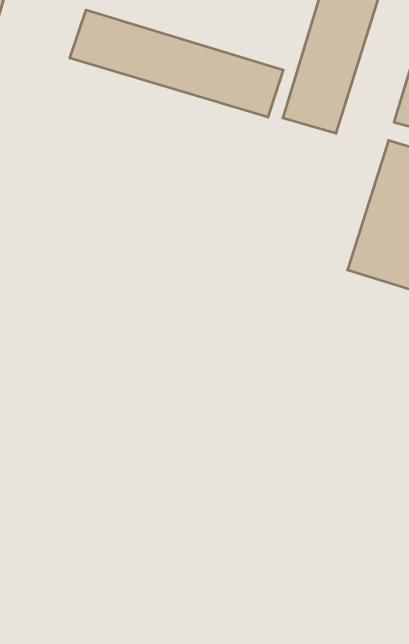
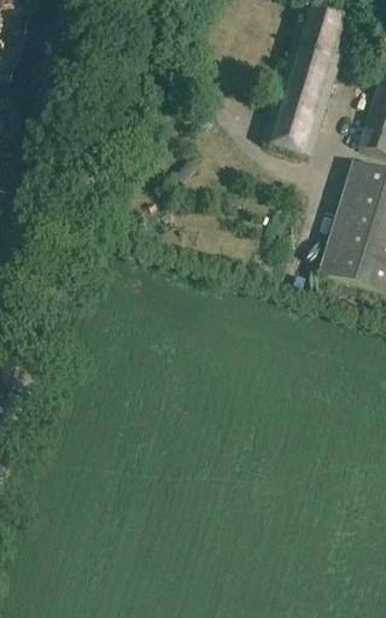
building: [70,10,283,117] -> none

